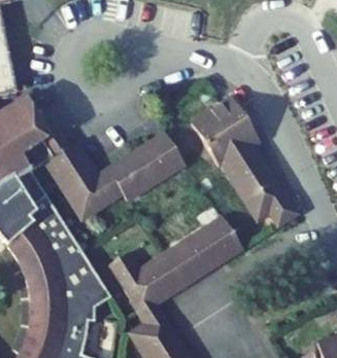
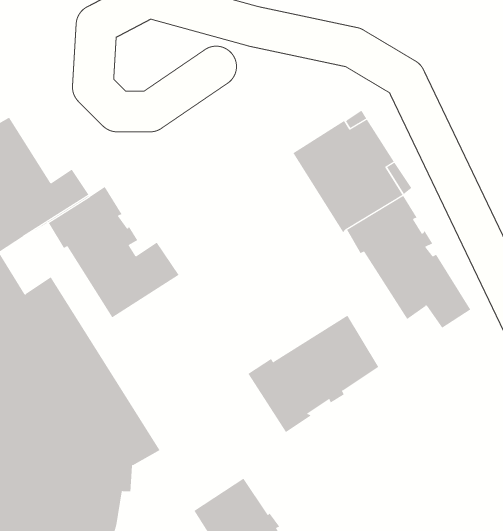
building: [107,132,187,201] -> none
building: [109,252,186,313] -> none

